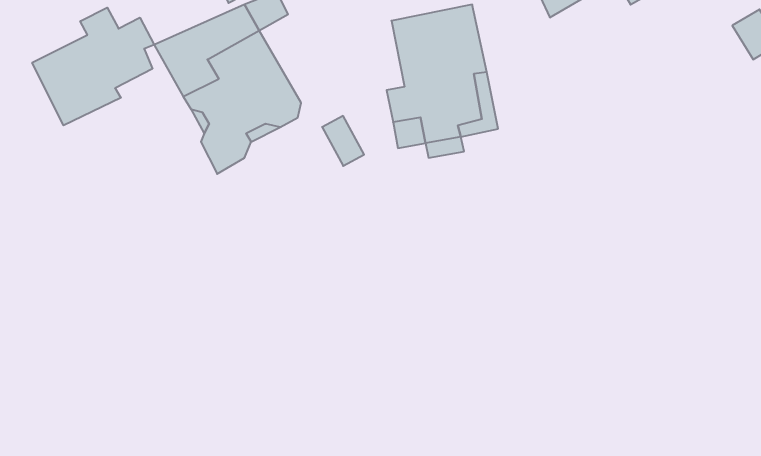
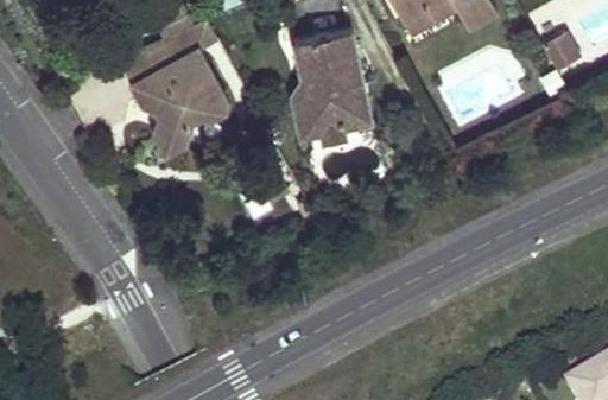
building: [32,8,154,125] -> none

